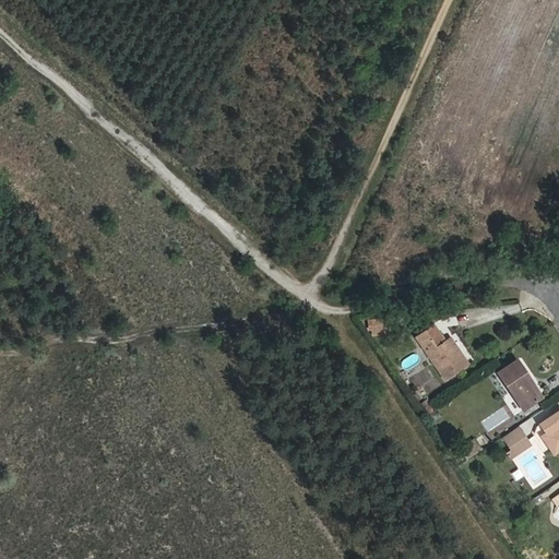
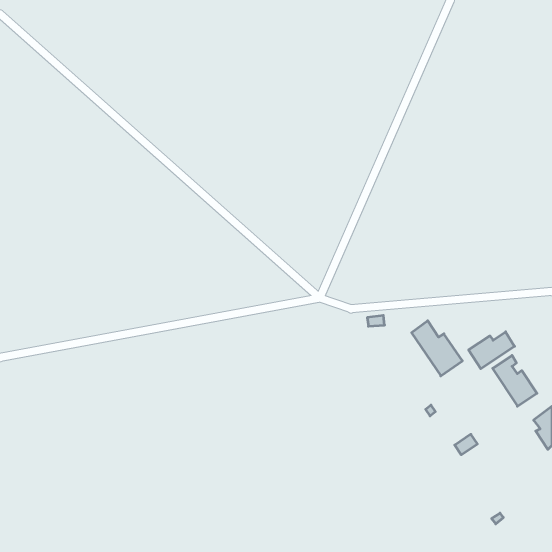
building: none -> [469,332,515,369]
building: [503,427,530,459] -> none

